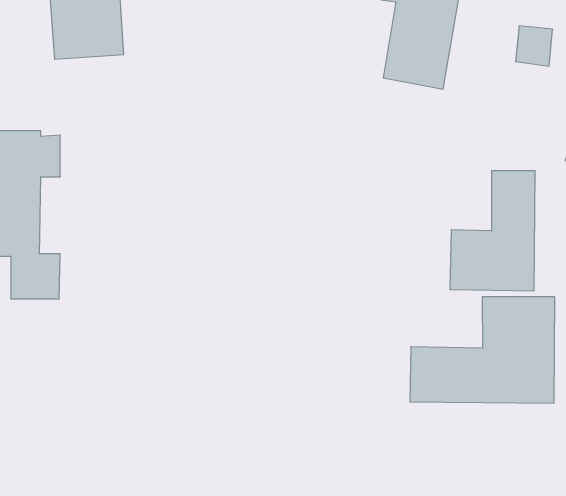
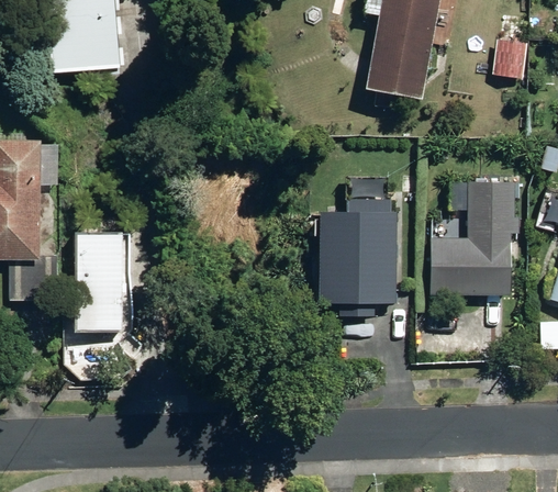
building: none -> [317,200,395,315]
building: none -> [78,234,126,332]
building: [410,297,554,403] -> none

